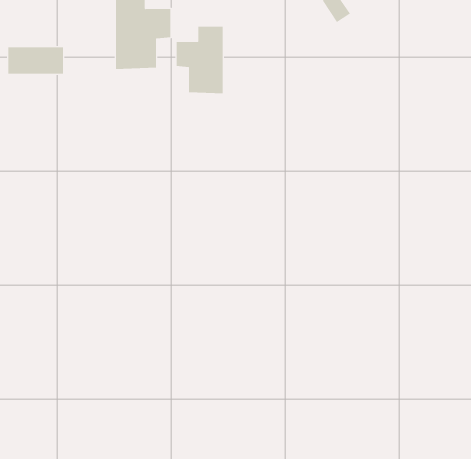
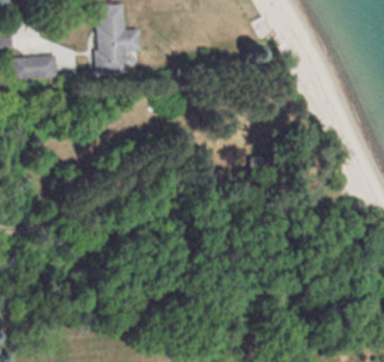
building: [176,26,223,94] -> none

